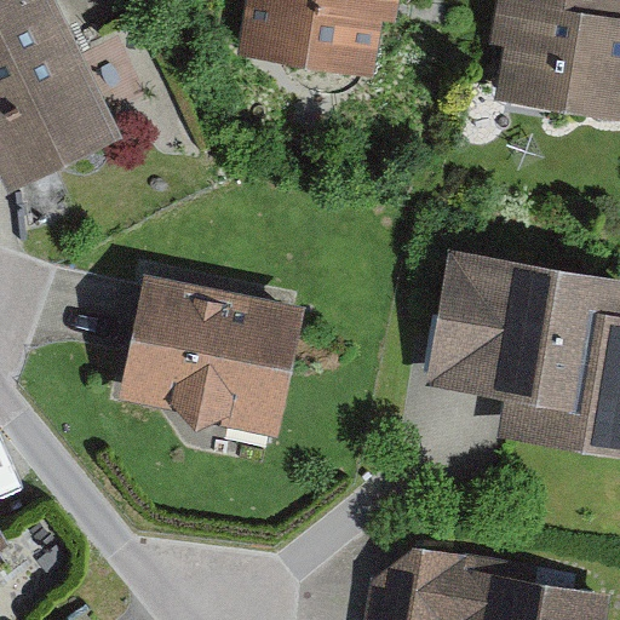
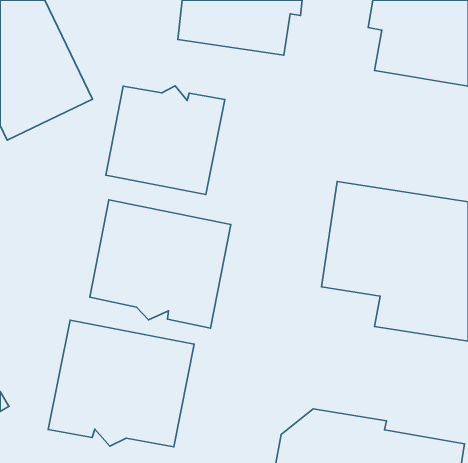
building: none -> [106,86,225,194]
building: none -> [48,320,194,447]

